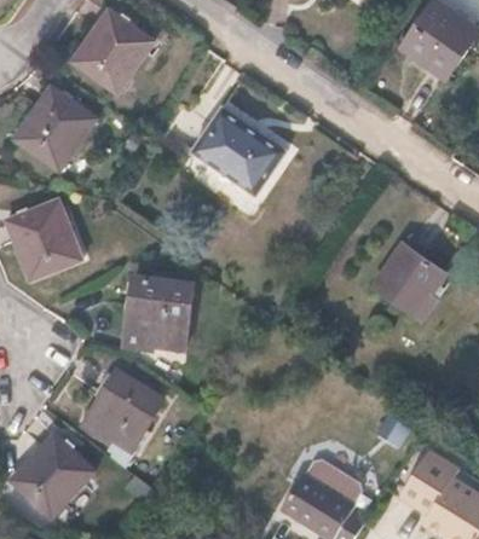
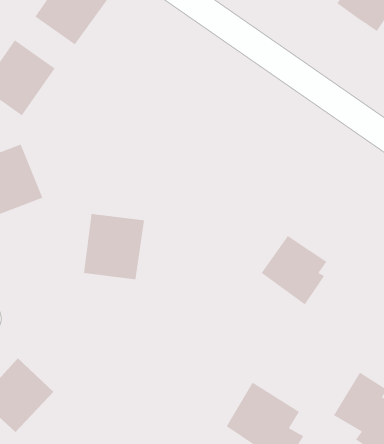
building: [191,105,287,195] -> none
building: [374,243,446,319] -> [261,235,327,305]
building: [90,371,163,448] -> none

